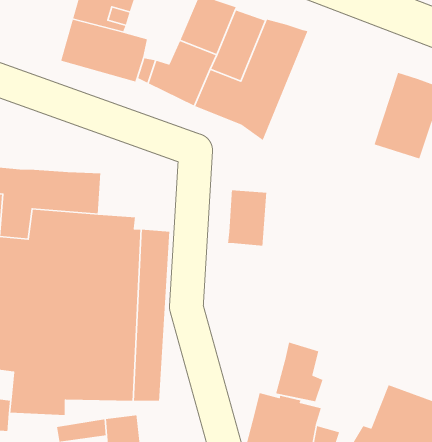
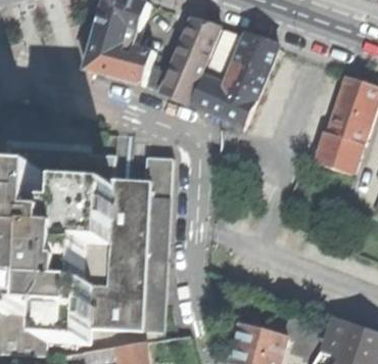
building: none -> [316,133,363,174]
building: [227,189,267,247] -> [143,156,174,200]
building: [275,341,324,402] -> none

